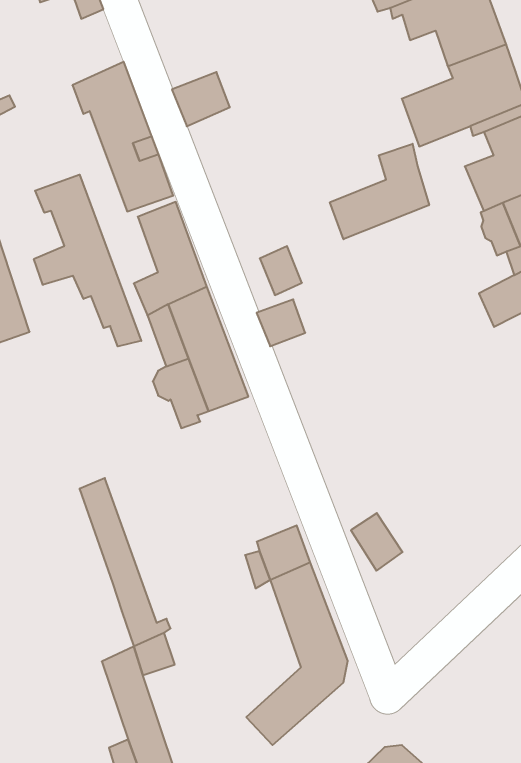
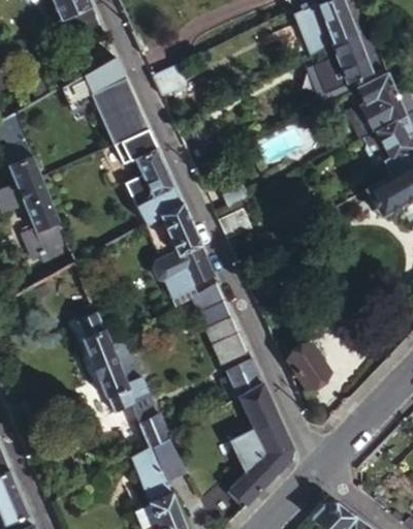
building: [330,144,429,239] -> none
building: [34,175,141,346] -> none
building: none -> [190,284,250,367]
building: none -> [72,309,132,413]

